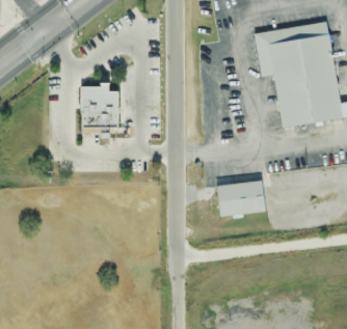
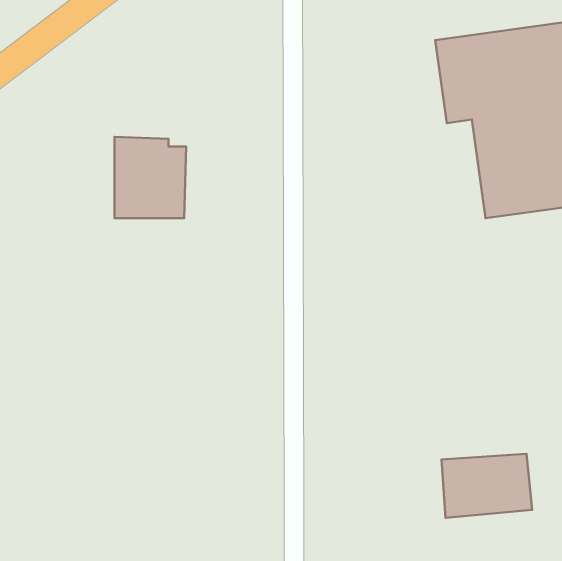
building: [217,181,266,215] -> [442,454,532,518]

